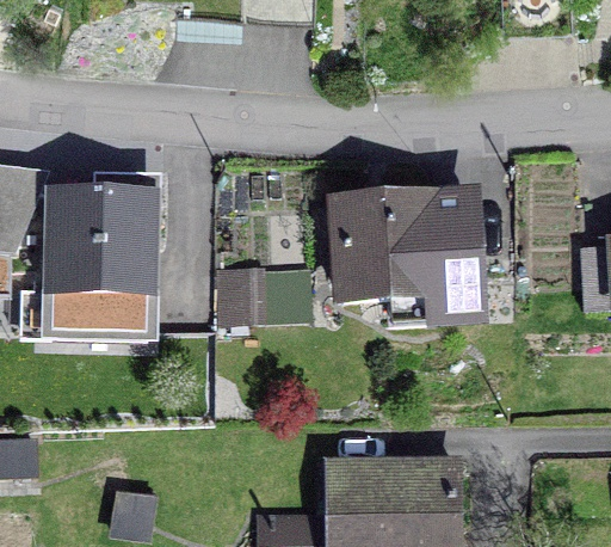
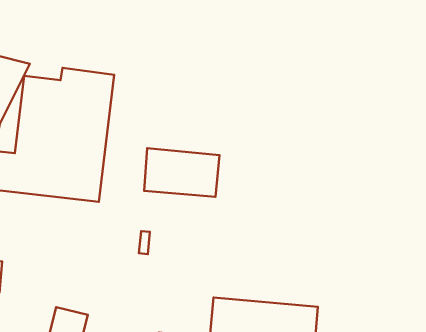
building: [327,188,487,328] -> none

